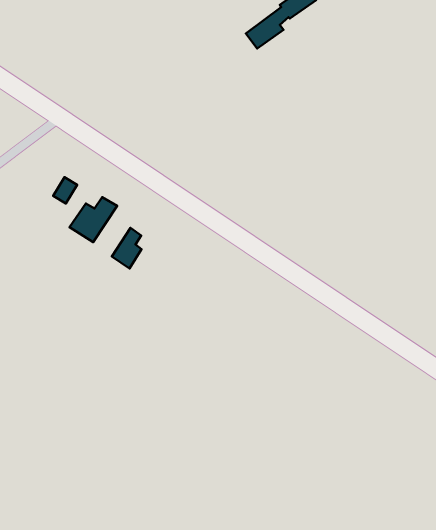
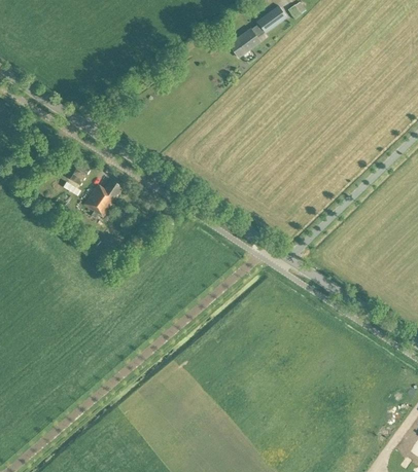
building: [112,228,142,269] -> none

